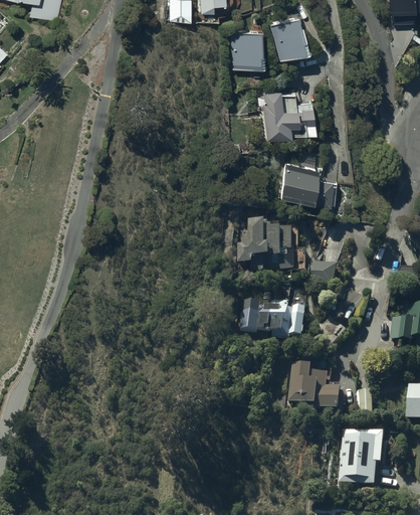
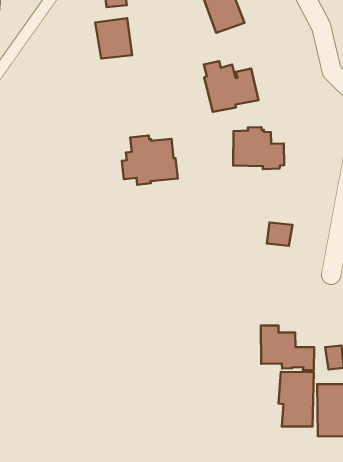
building: [230,27,264,65] -> [95,18,132,58]
building: [238,219,293,269] -> [122,135,178,185]
building: [240,299,305,337] -> none
building: none -> [278,372,314,427]

